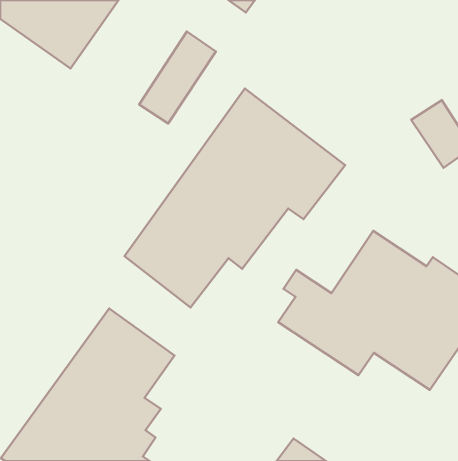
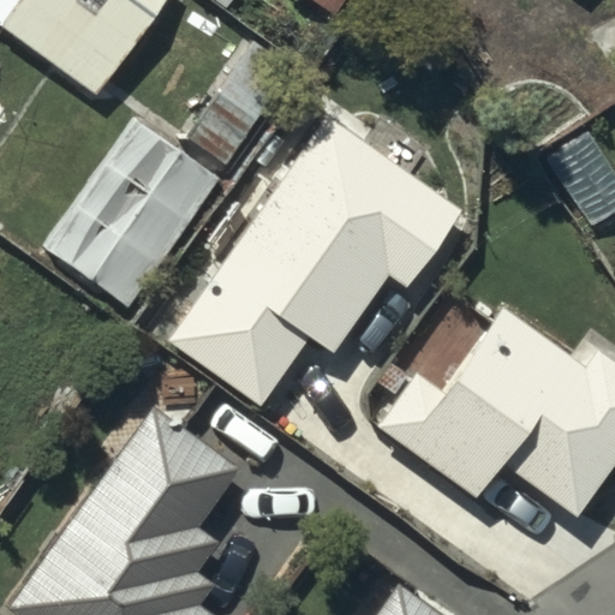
building: none -> [48,120,216,305]

